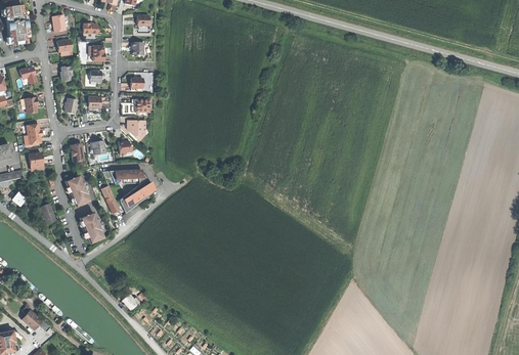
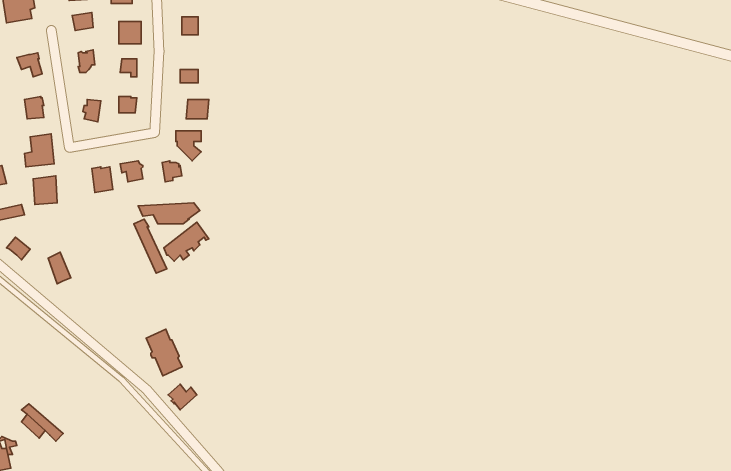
building: [64,175,88,207] -> none
building: [79,212,103,243] -> [146,329,182,376]

